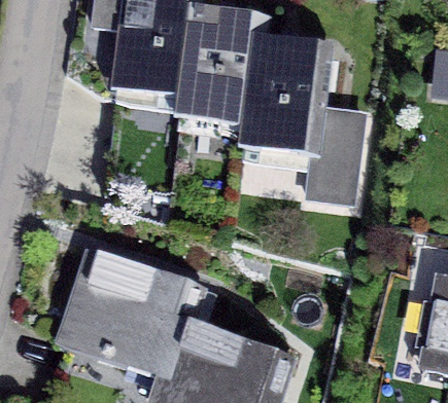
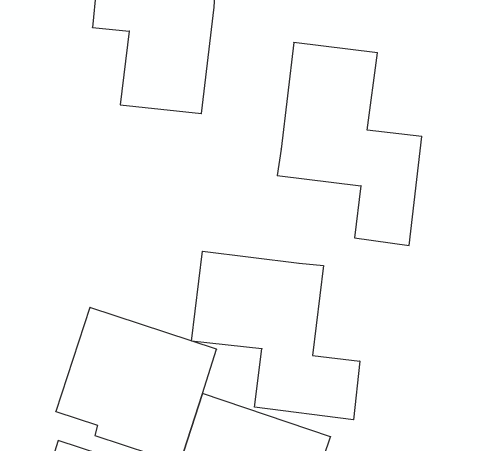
building: [179,7,260,122] -> none
building: none -> [192,251,360,420]

